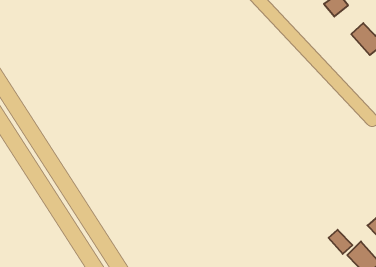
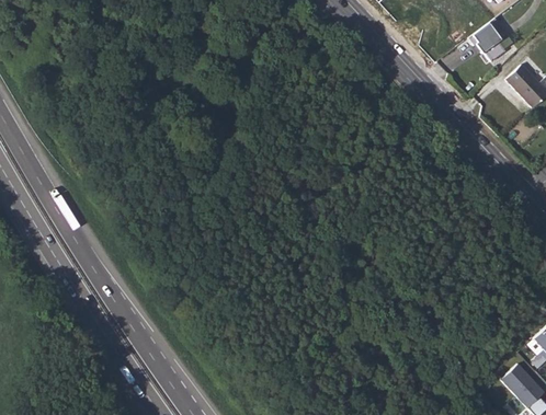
building: [329,230,352,254] -> none

